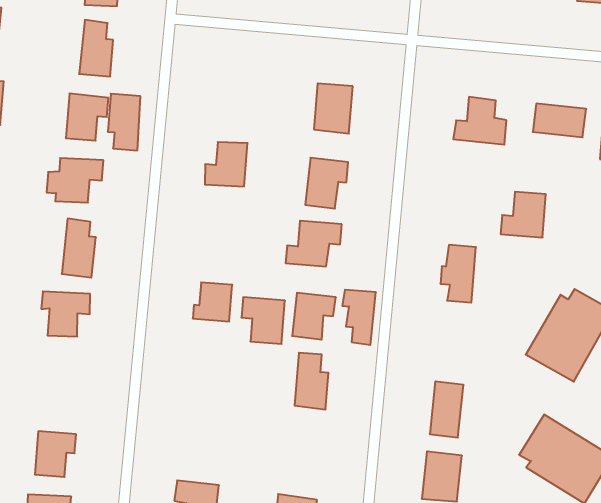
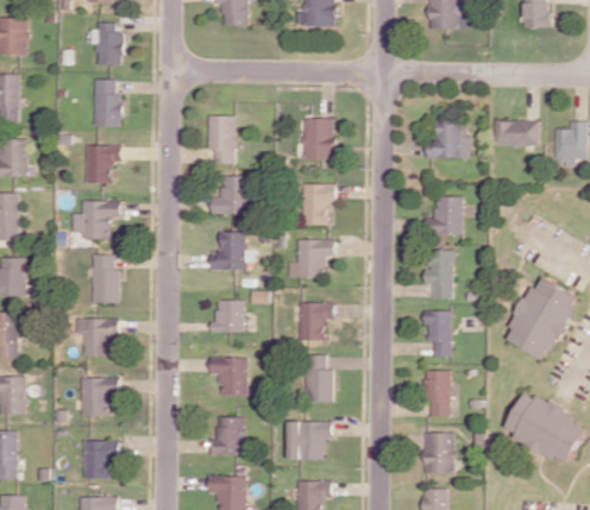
building: [108,94,140,150] -> [208,115,236,163]
building: [501,192,546,237] -> [426,196,463,234]
building: none -> [209,231,245,270]
building: [342,290,376,345] -> [423,310,452,357]
building: [241,297,285,344] -> [209,357,246,395]
building: none -> [81,377,118,415]
building: none -> [207,416,243,455]
building: none -> [287,421,332,459]

